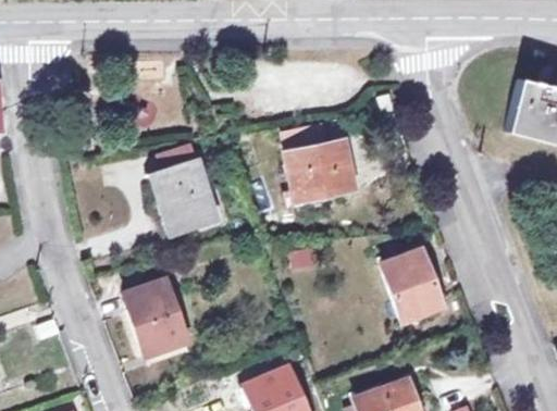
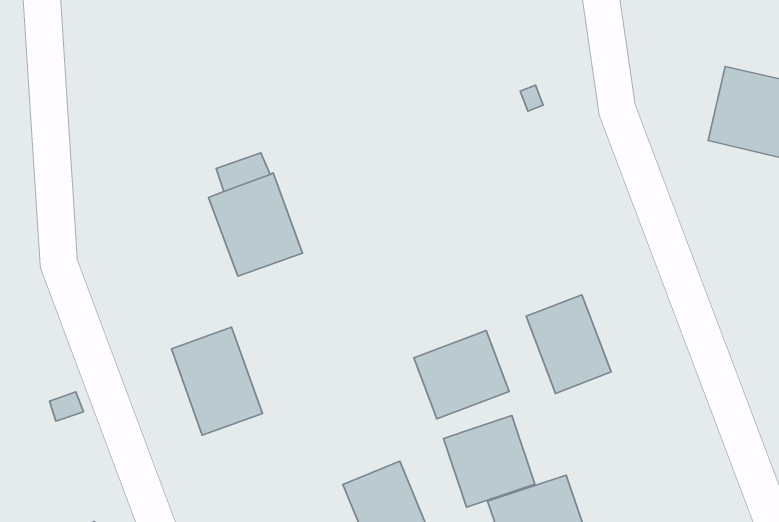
building: [286,136,355,200] -> none
building: none -> [414,330,509,419]
building: none -> [444,416,535,507]

